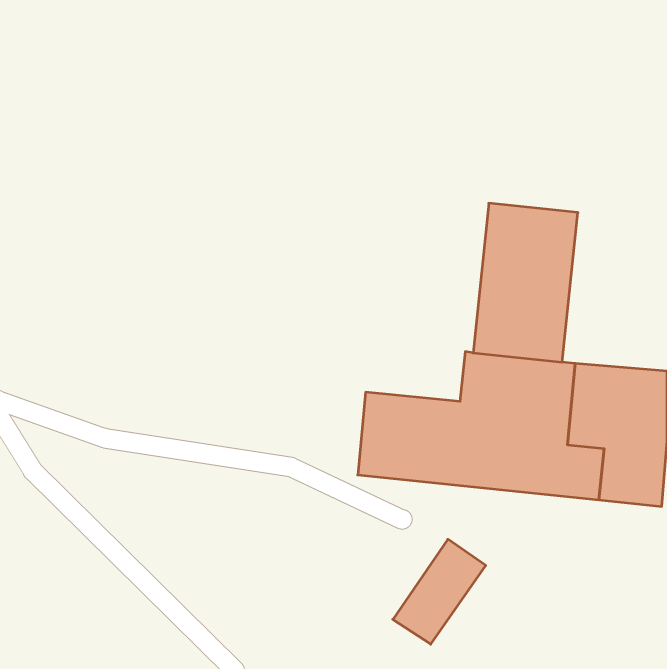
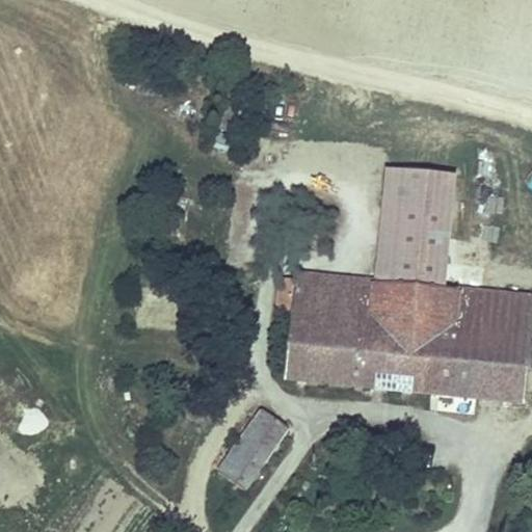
building: none -> [290,272,369,319]
building: [393,539,486,644] -> [217,406,291,489]

